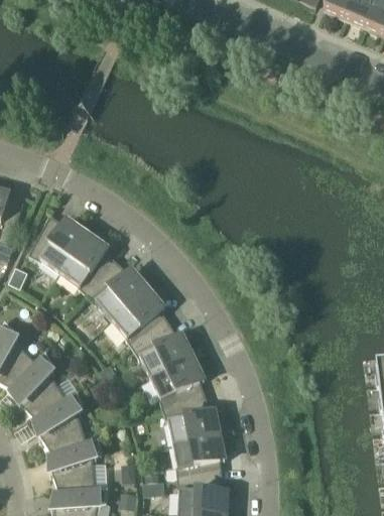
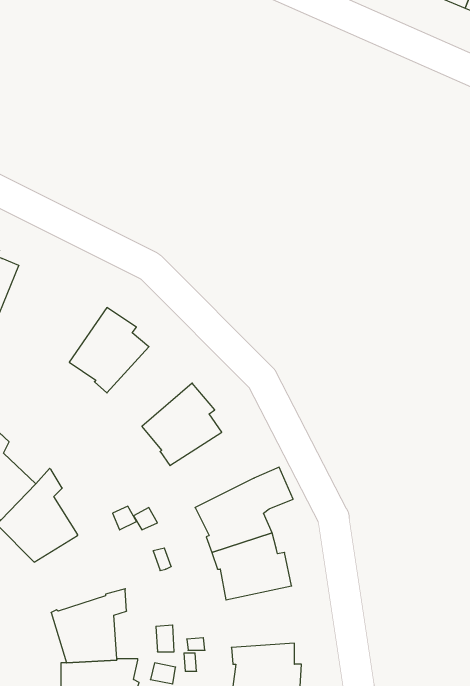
building: [28,216,87,273] -> none
building: [87,262,148,319] -> none
building: [132,324,193,378] -> none
building: [30,391,86,453] -> none
building: [172,434,225,479] -> none

